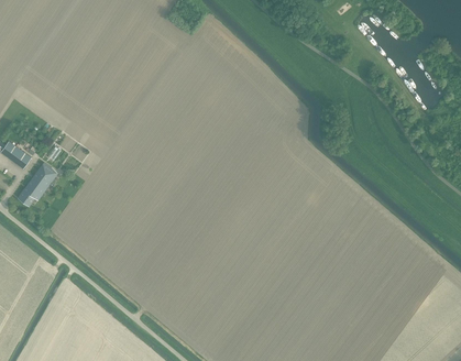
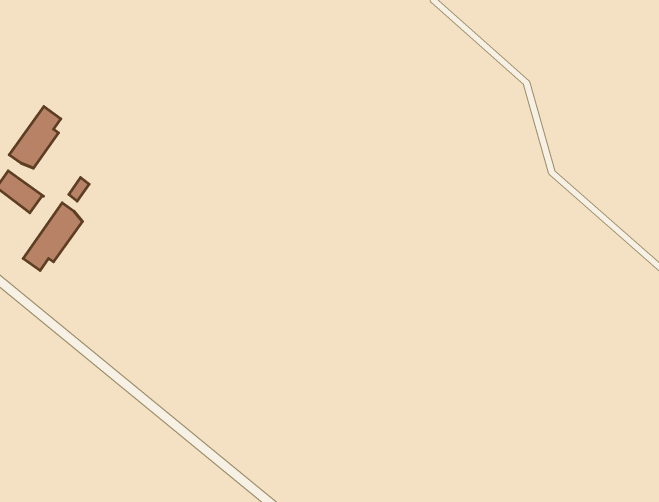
building: none -> [9,107,61,168]

